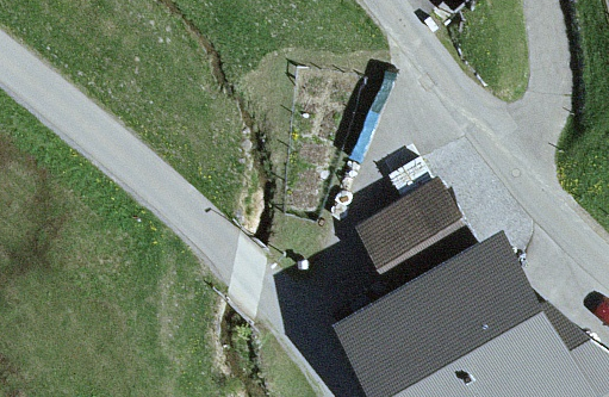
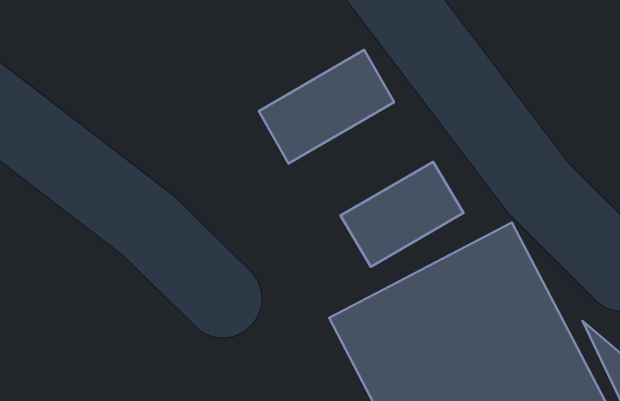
building: none -> [259,50,394,164]

